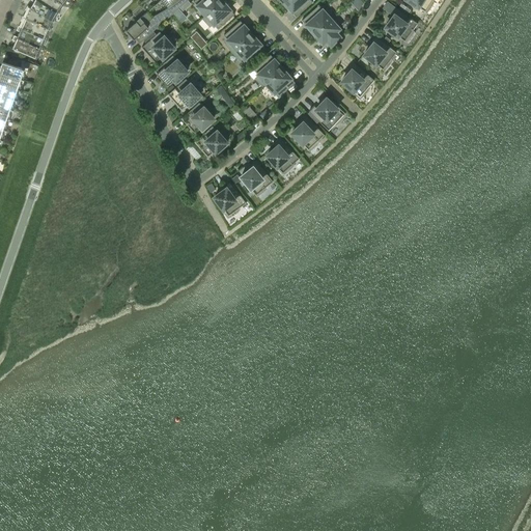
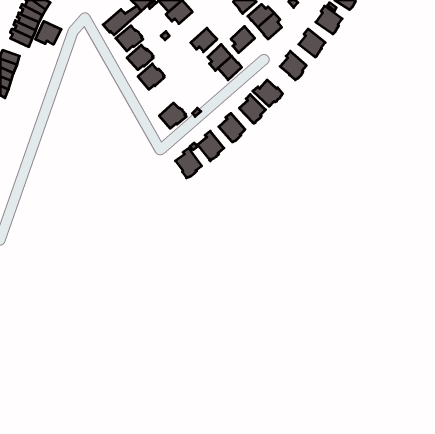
building: [223,21,252,53] -> [231,26,255,53]
building: none -> [35,21,61,44]
building: [181,103,214,134] -> none

